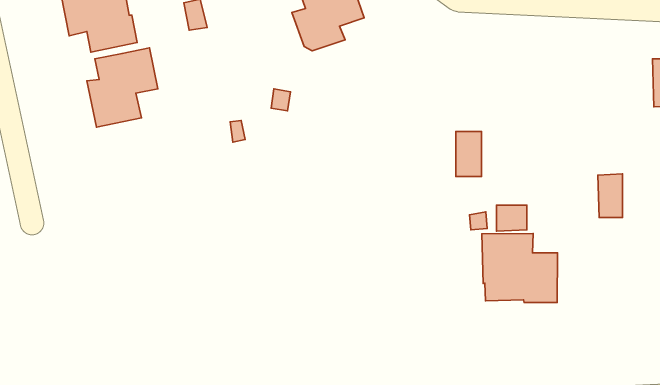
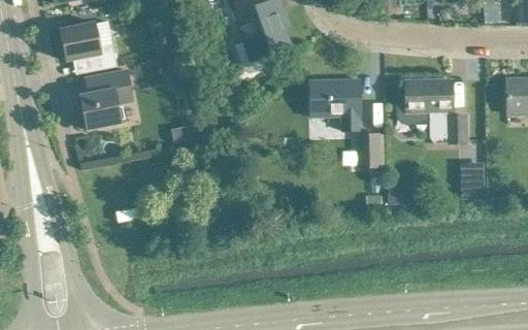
building: none -> [310,78,360,128]
building: none -> [406,79,468,142]
building: [482,234,557,303] -> none

